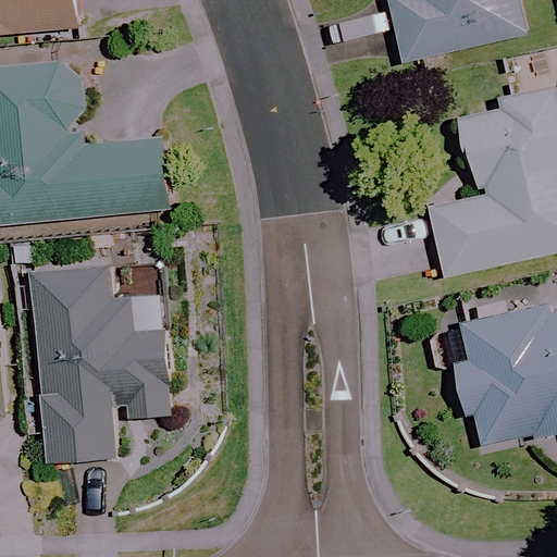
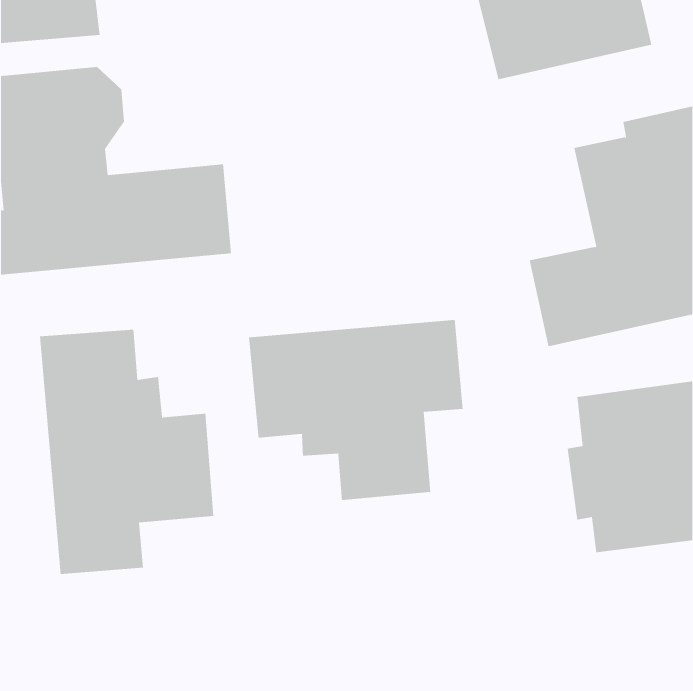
building: none -> [248,319,463,501]

